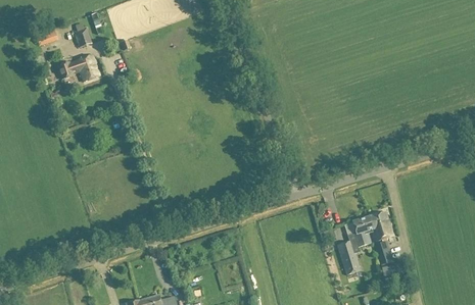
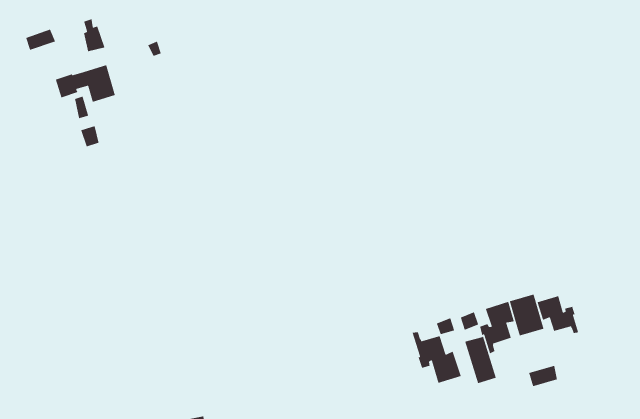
building: none -> [537,295,579,334]
building: none -> [412,332,462,384]

